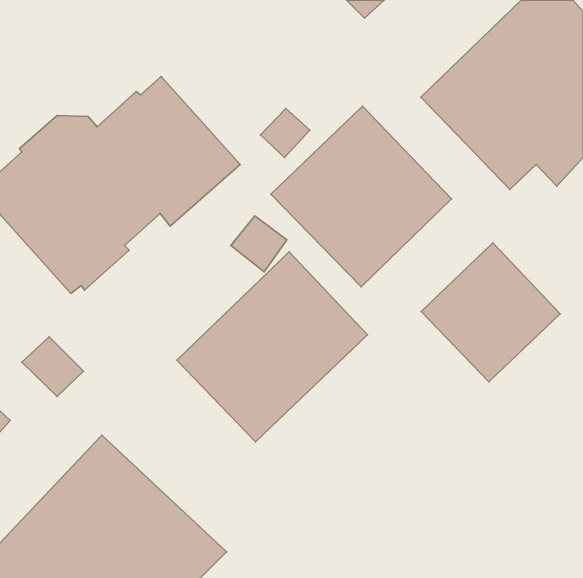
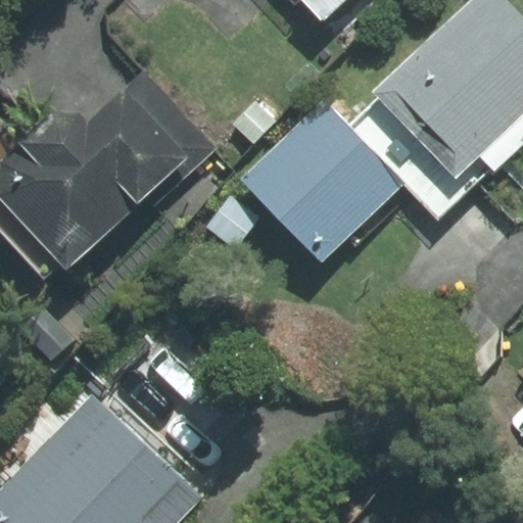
building: [421,243,560,382] -> none
building: [177,252,368,442] -> none

